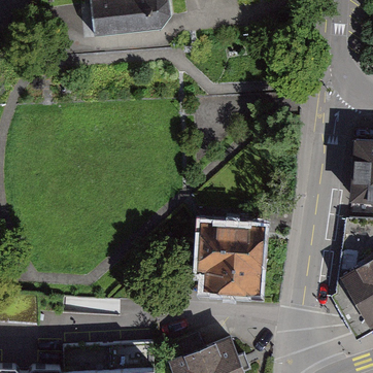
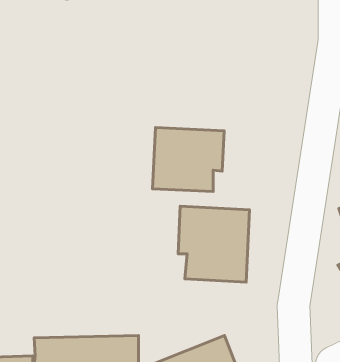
building: none -> [152,128,224,191]

